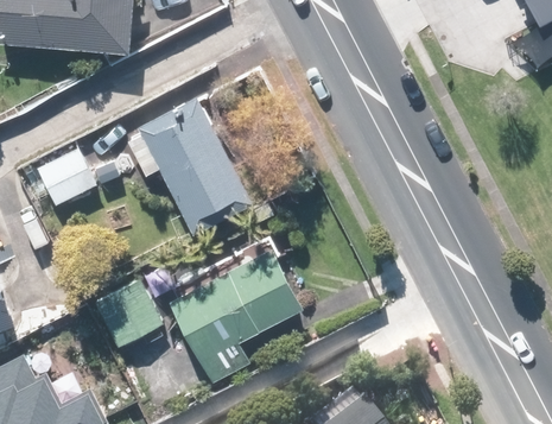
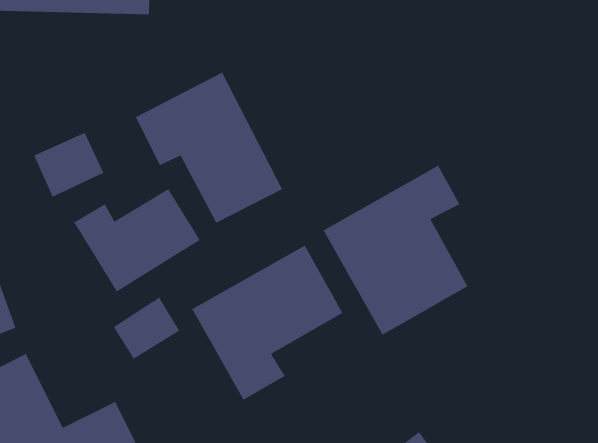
building: none -> [322,164,469,336]
building: none -> [73,188,201,292]

